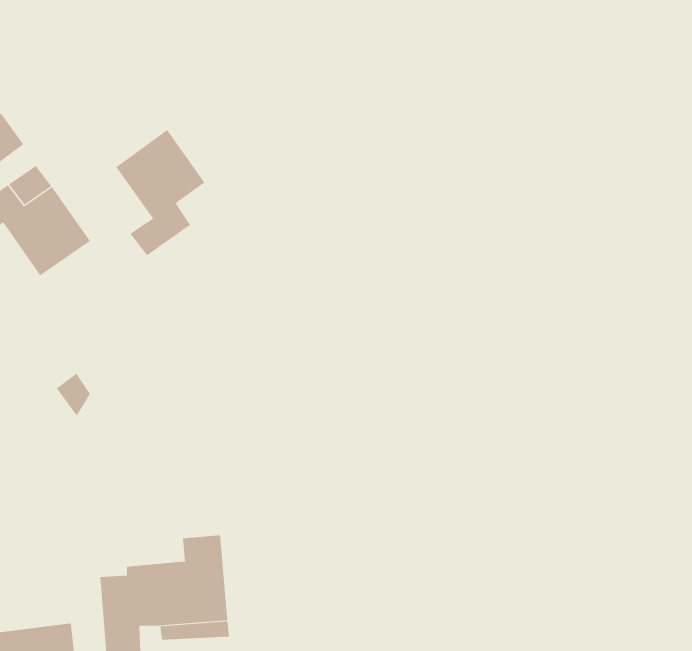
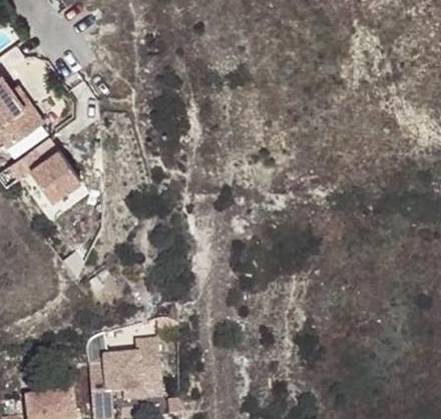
building: [115,129,205,256] -> none

